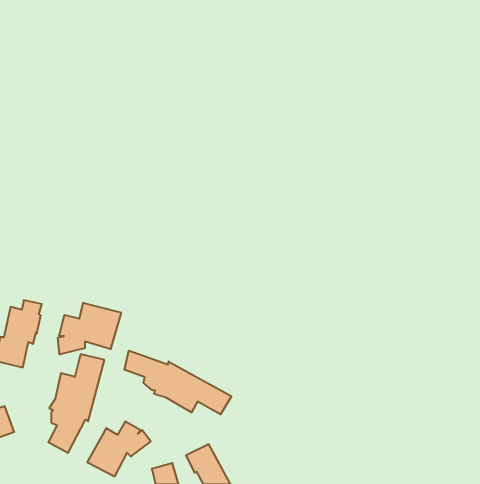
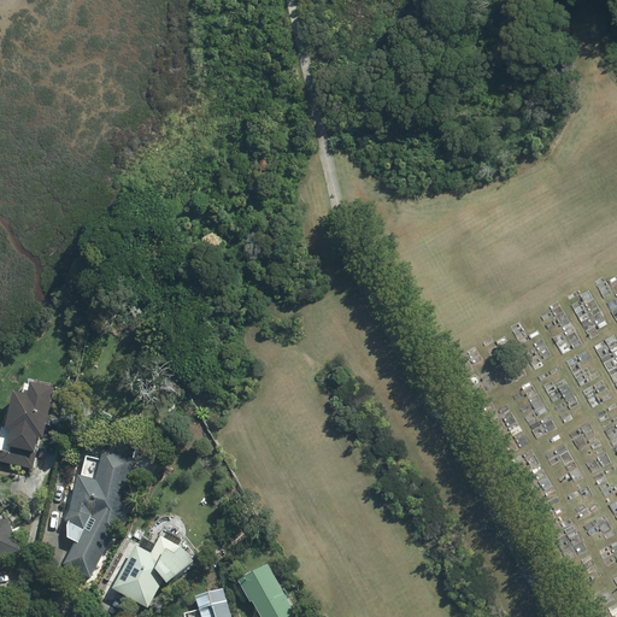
building: [58,303,121,354] -> none
building: [125,351,231,414] -> none

